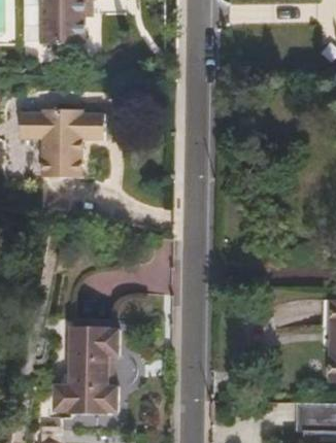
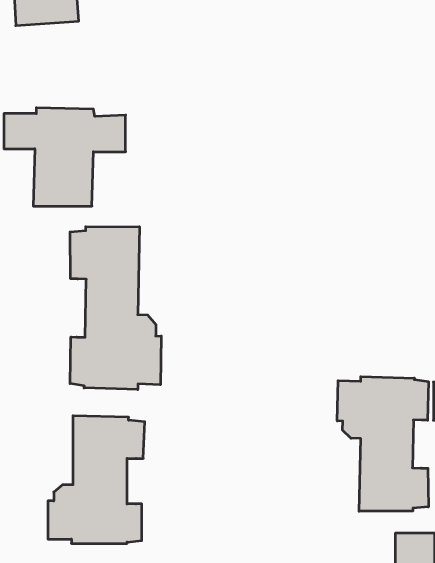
building: none -> [70,227,161,390]
building: none -> [337,377,428,511]

